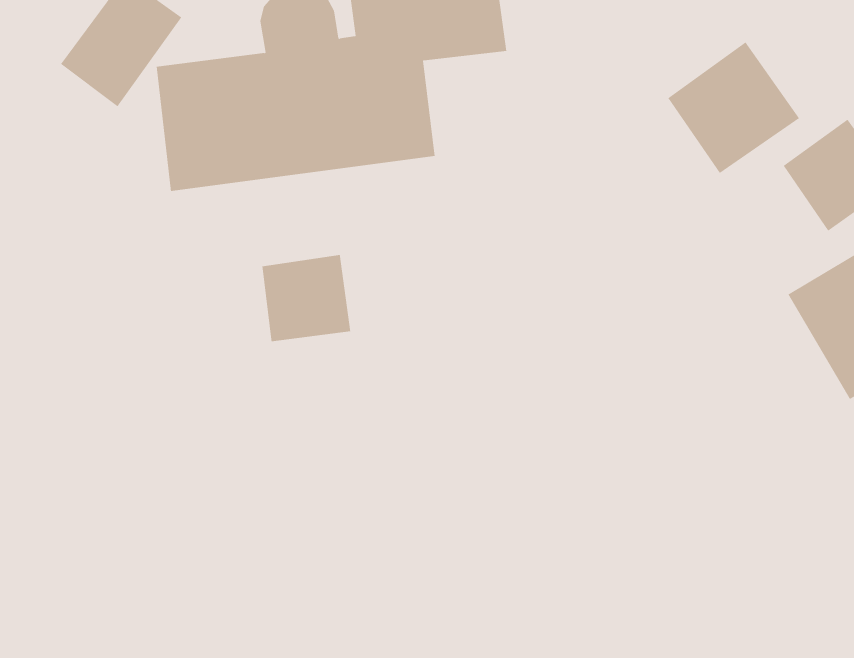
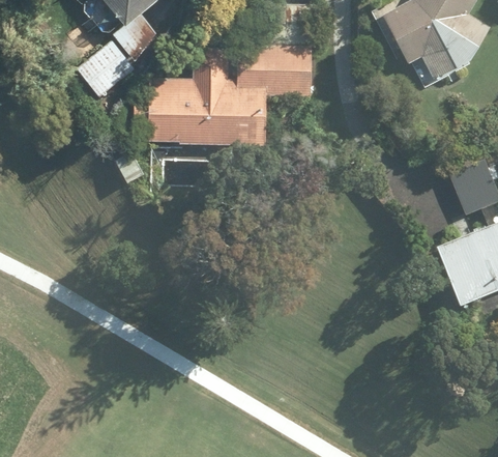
building: [668,41,800,174] -> none
building: [262,254,351,342] -> none

